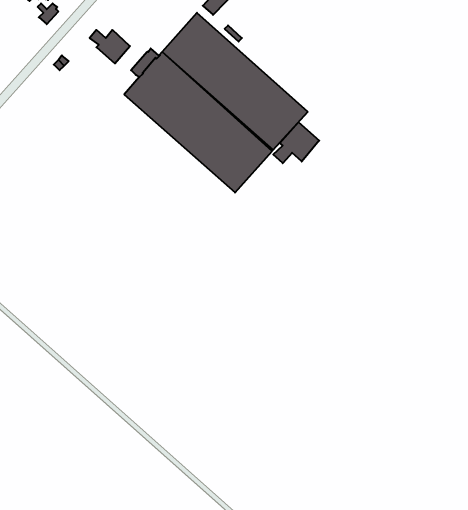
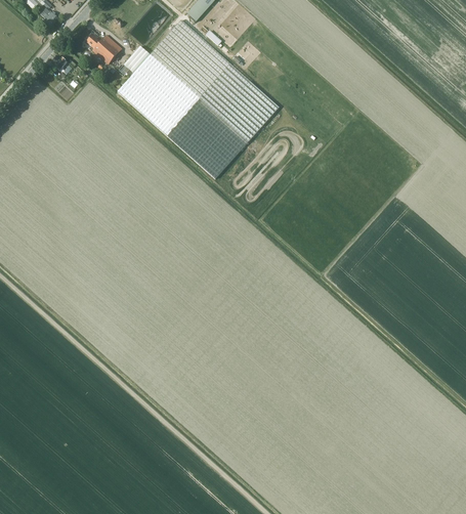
building: [273,122,319,163] -> none

